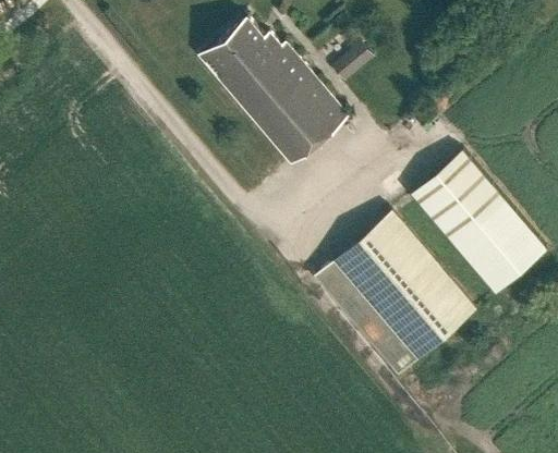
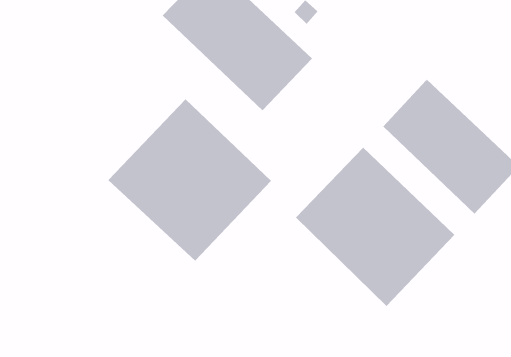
building: none -> [107,98,272,262]

